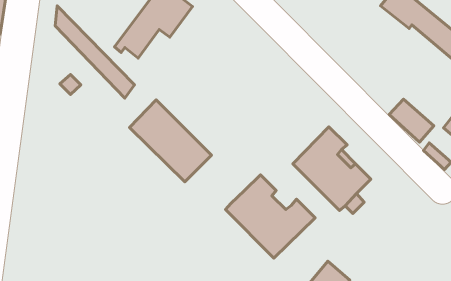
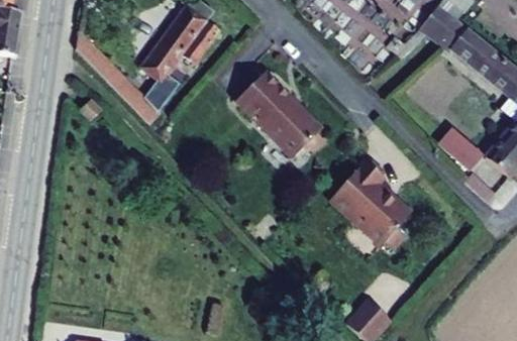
building: [129,100,211,182] -> [234,68,321,154]
building: [226,175,315,258] -> none

